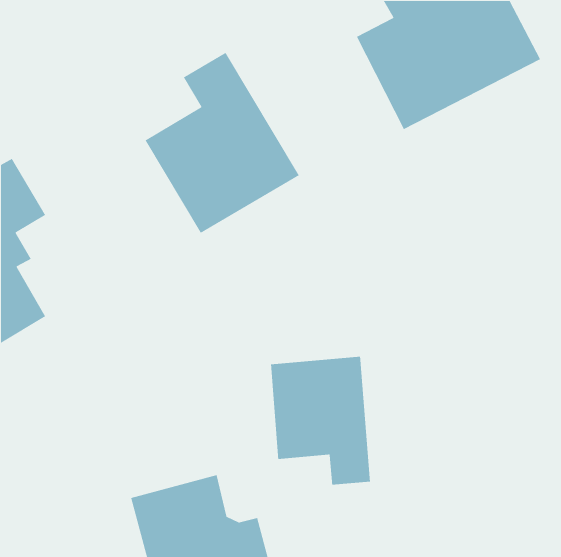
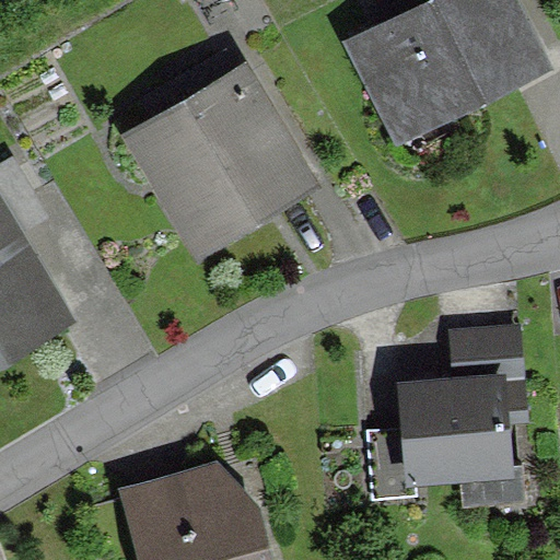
building: none -> [370,339,528,504]
building: [270,356,371,486] -> none

